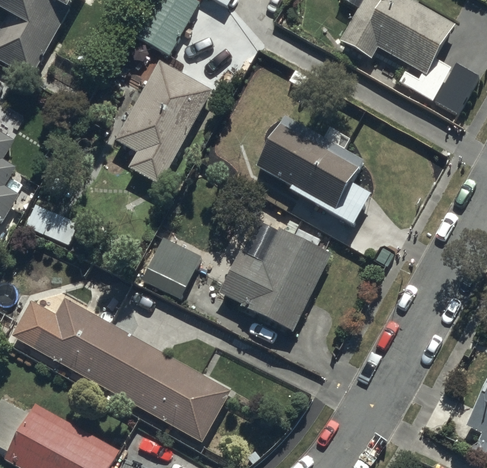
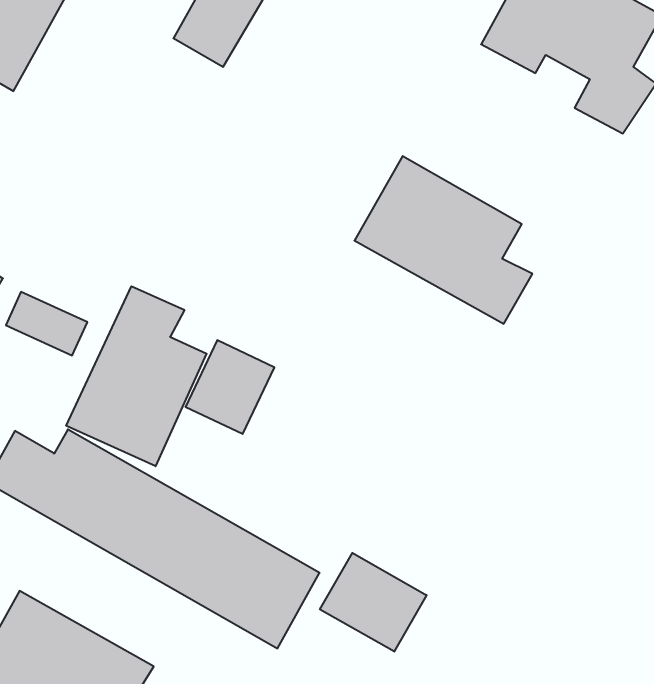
building: [115,60,213,184] -> none
building: none -> [66,286,207,466]
building: [217,224,333,332] -> none
building: none -> [320,553,427,652]

